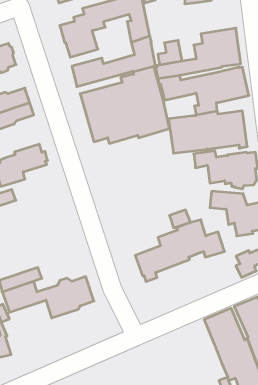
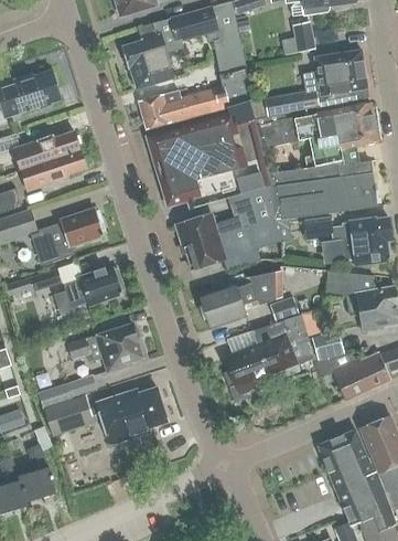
building: [158,40,182,65] -> [281,21,314,54]
building: none -> [173,187,278,272]
building: none -> [64,267,123,306]
building: none -> [197,272,280,330]
building: none -> [66,322,142,372]
building: none -> [324,354,367,401]

